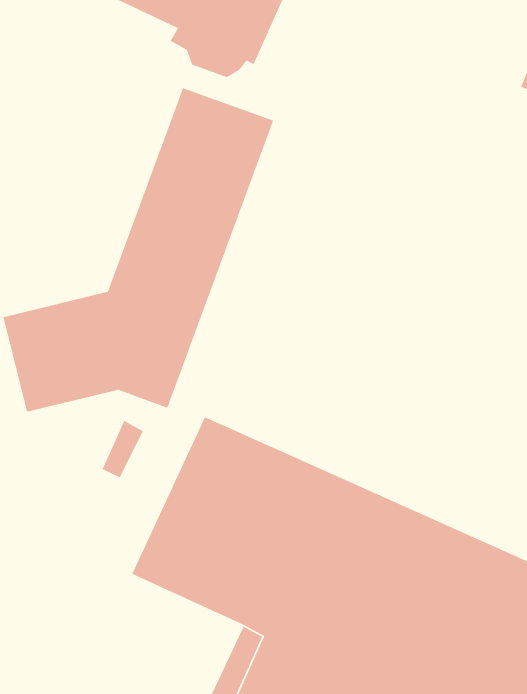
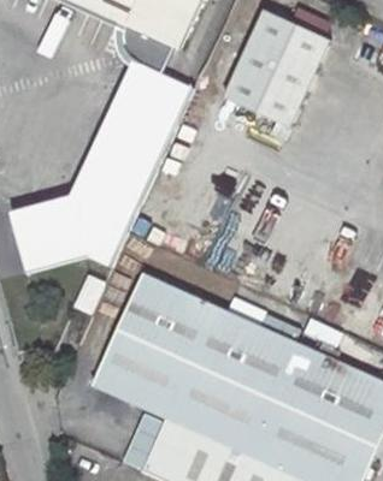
building: none -> [226,11,326,124]

